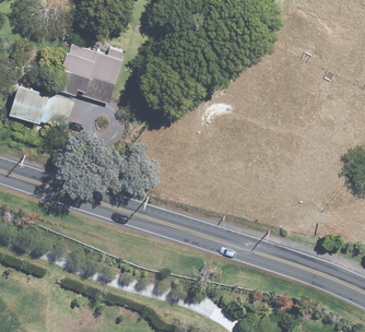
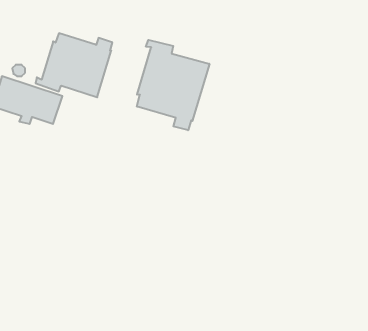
building: none -> [137,40,209,130]

